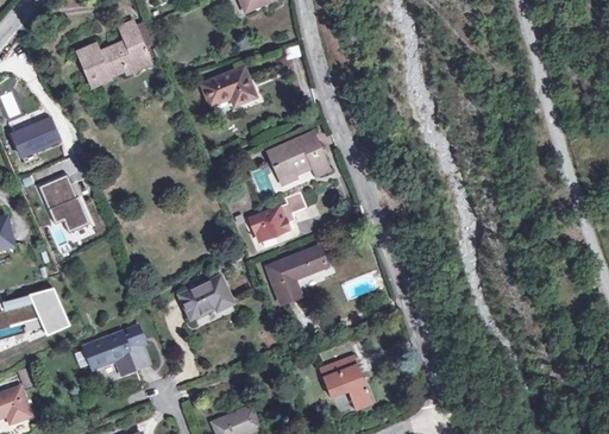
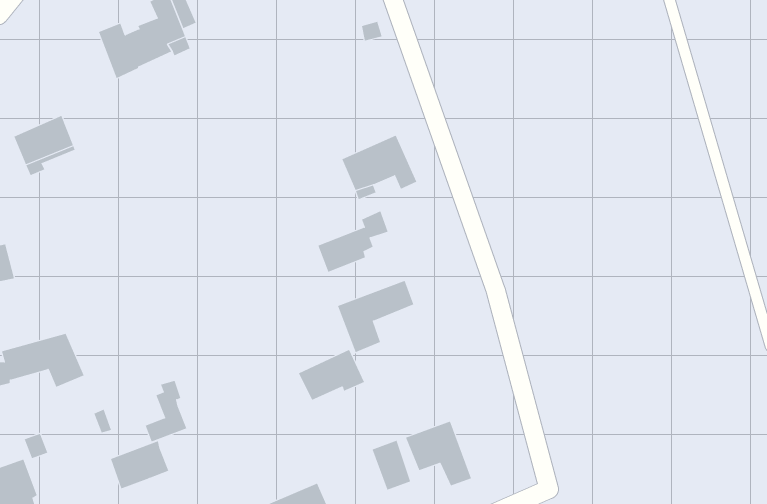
building: [201,67,255,105] -> none
building: [38,172,90,232] -> none
building: [180,276,232,316] -> [298,349,365,400]
building: [83,331,130,369] -> [110,441,169,489]
building: none -> [372,440,411,490]

